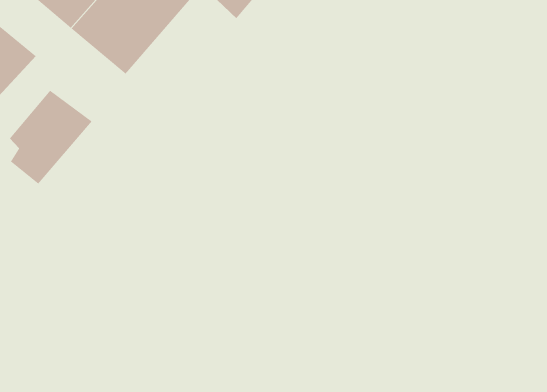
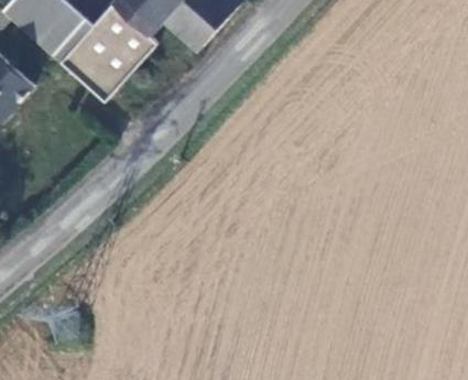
building: [9,90,93,184] -> none

